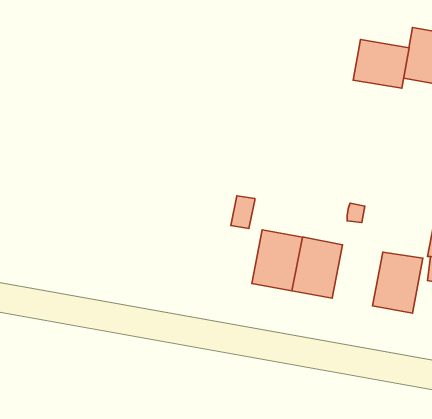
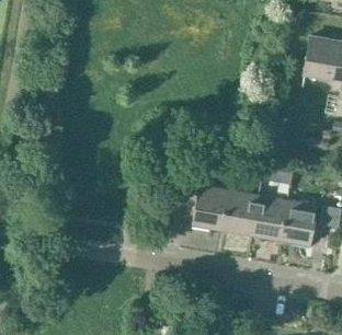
building: [353,39,409,88] -> none
building: none -> [251,196,288,241]

